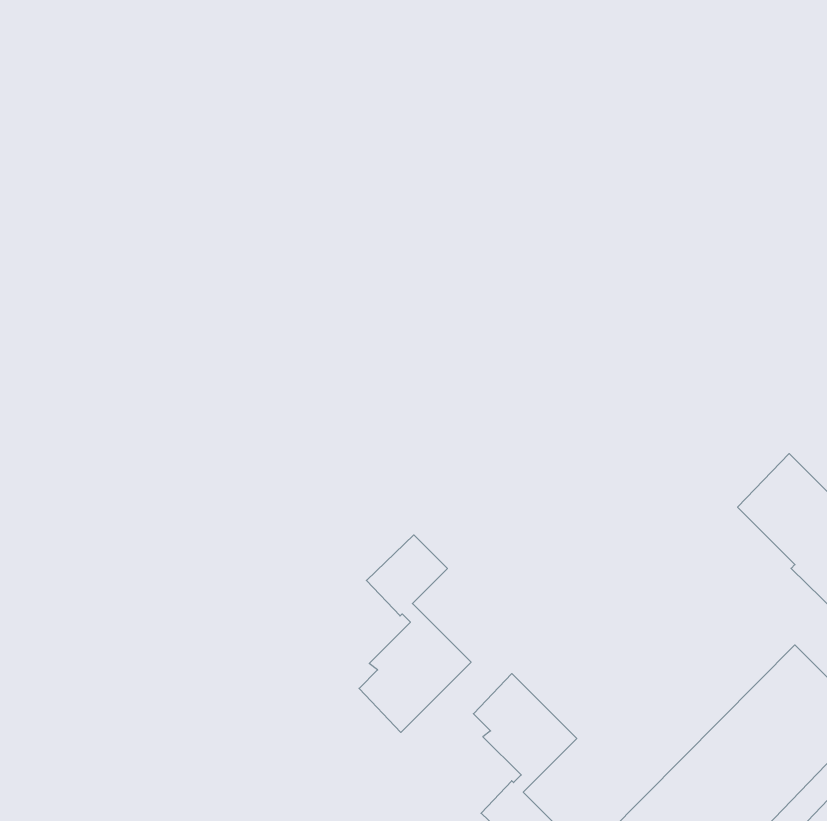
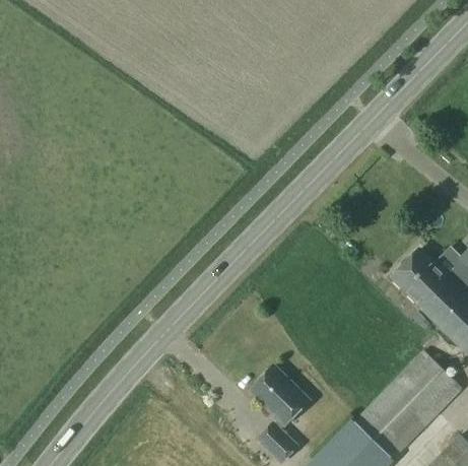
building: [359,535,471,732] -> none

